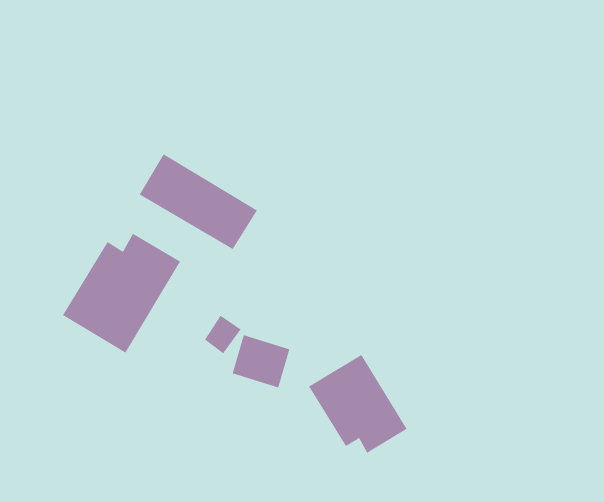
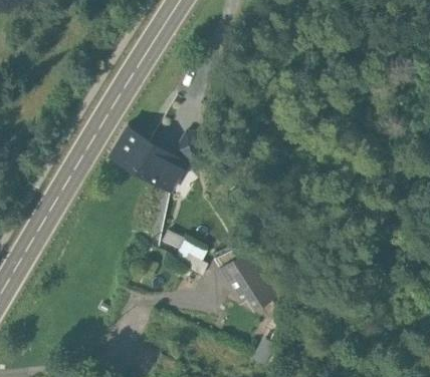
building: [62,233,181,353] -> none

